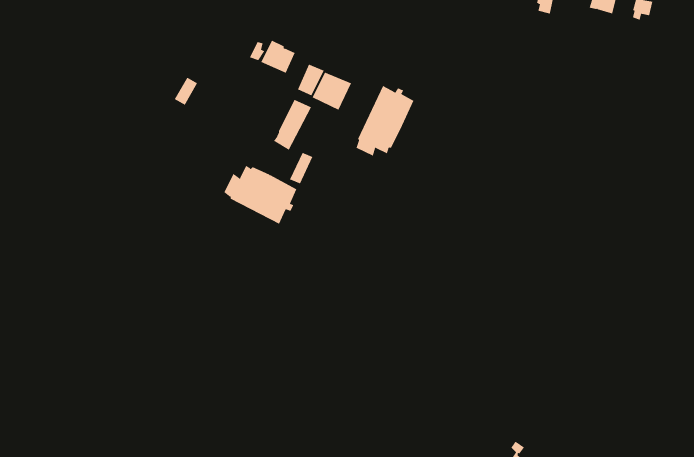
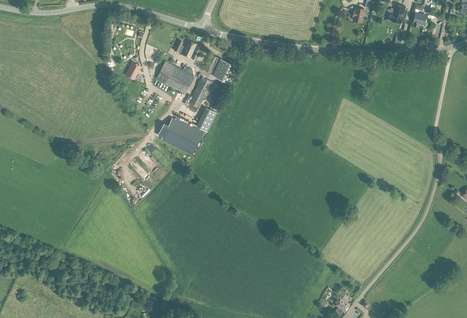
building: none -> [156,61,194,95]
building: [356,85,414,157] -> none

